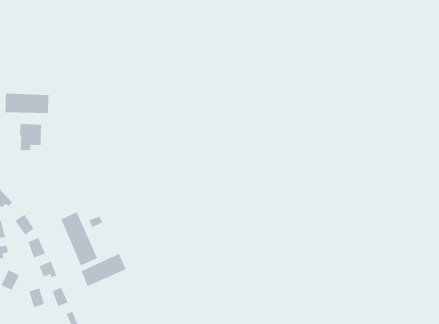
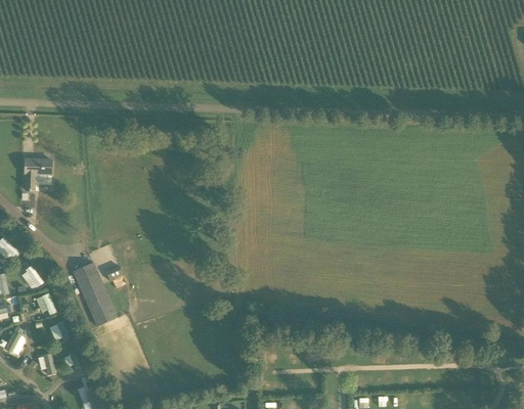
building: [5,93,49,114] -> none
building: [81,253,126,287] -> none

